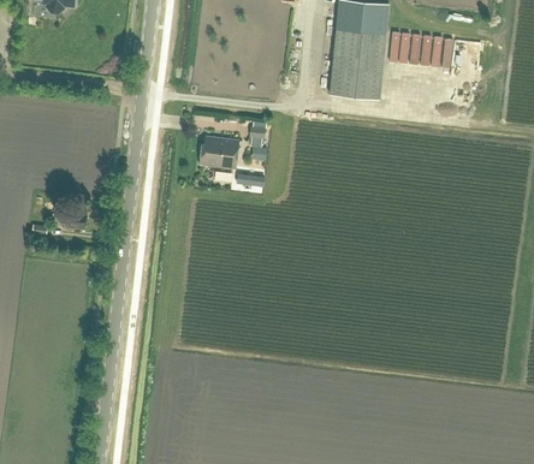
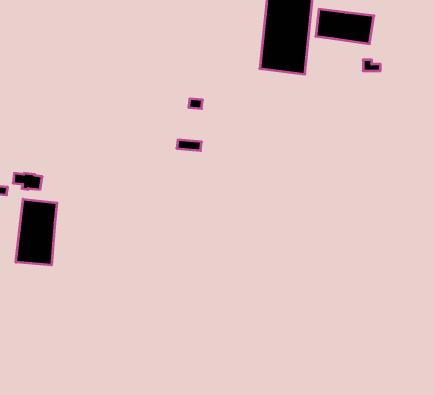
building: [200,137,238,169] -> none
building: none -> [16,199,57,265]

